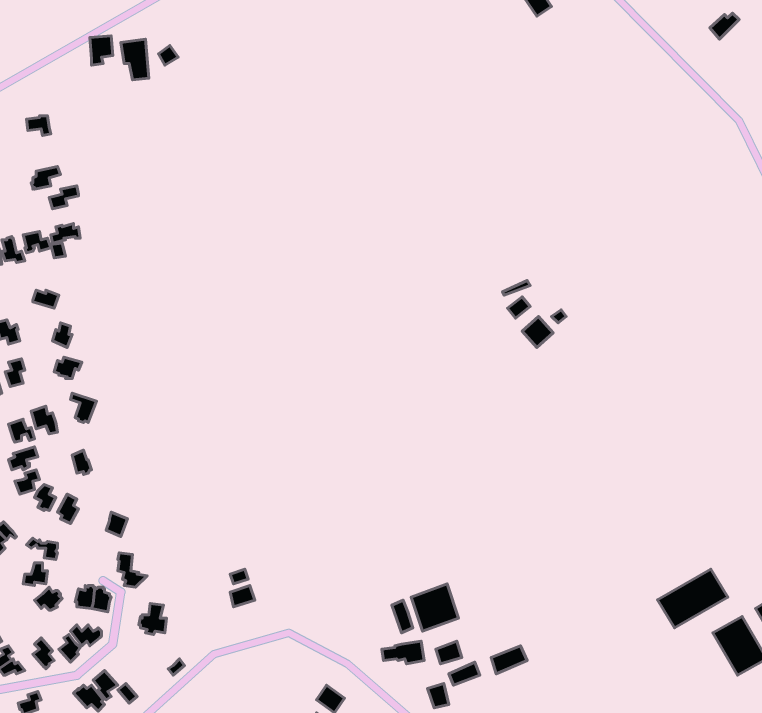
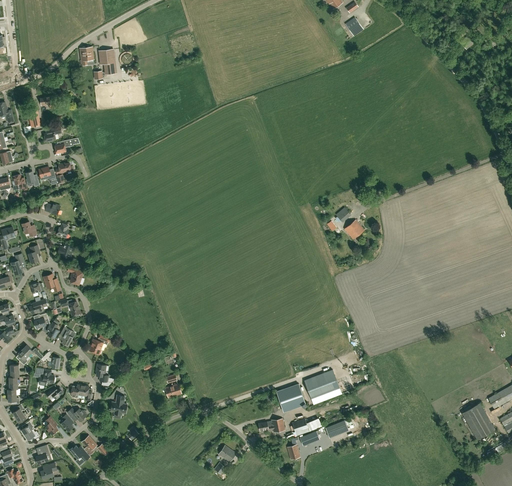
building: none -> [304,370,342,404]
building: [658,569,728,628] -> none

